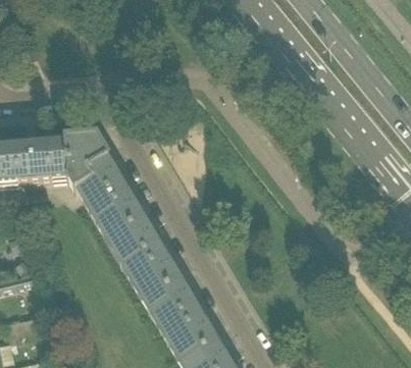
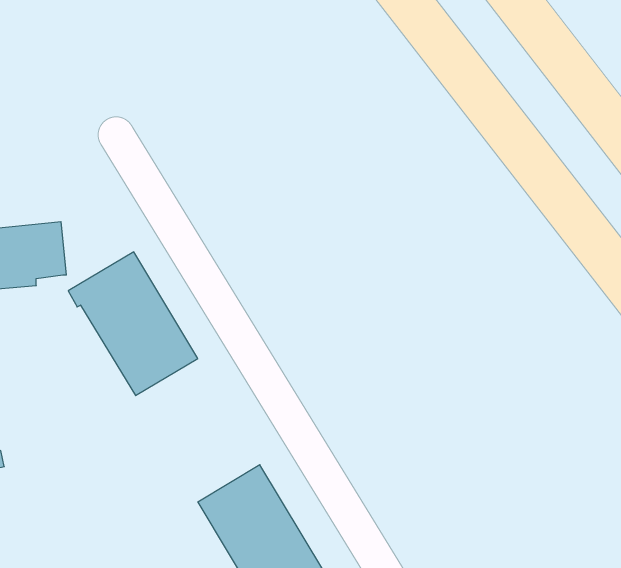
building: [66,135,110,178] -> none
building: [109,217,181,300] -> none

